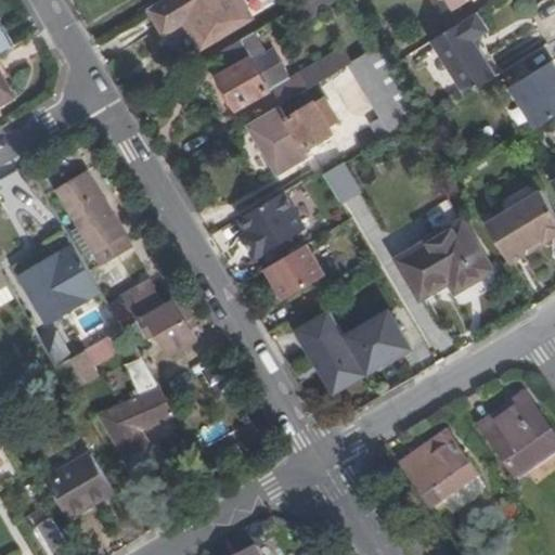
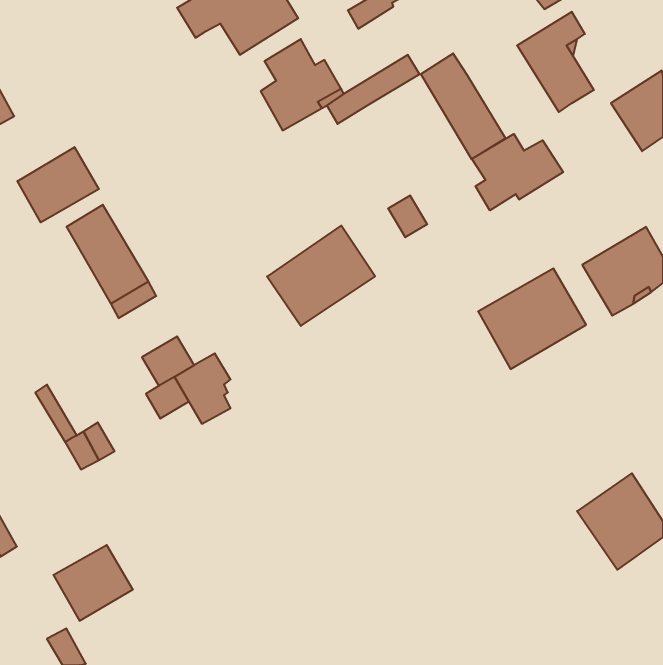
building: [244,95,337,175] -> none
building: none -> [472,134,563,210]
building: none -> [17,147,99,222]
building: [264,243,324,298] -> none
building: [18,244,99,322] -> none
building: [297,310,409,390] -> none
building: [103,363,173,466] -> none
building: [399,431,475,505] -> none

